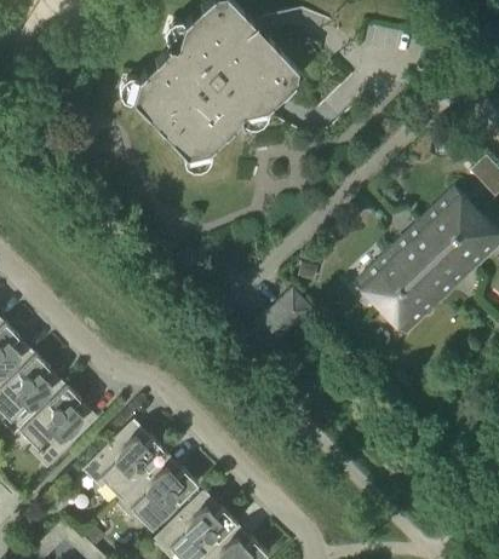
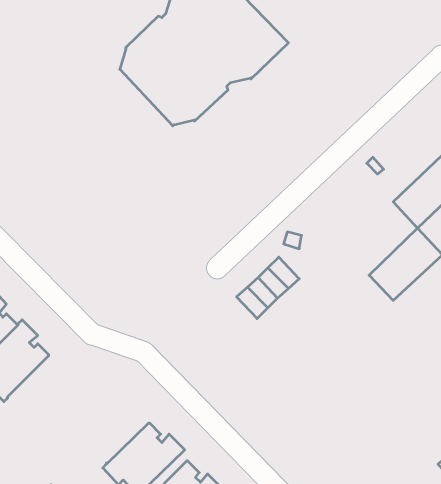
building: [359,234,432,307] -> none
building: [21,384,94,466] -> none
building: [85,423,168,497] -> none

